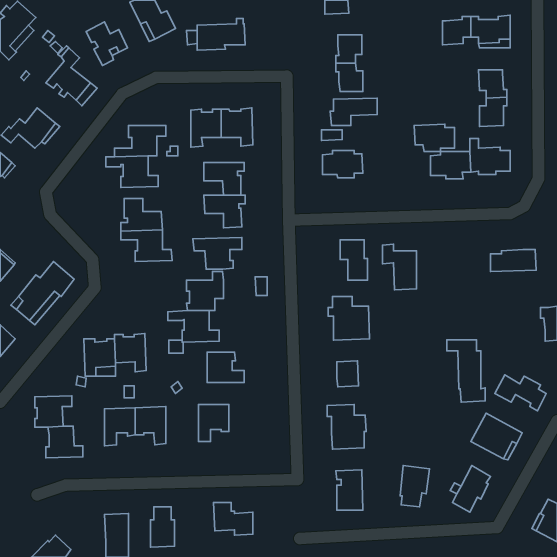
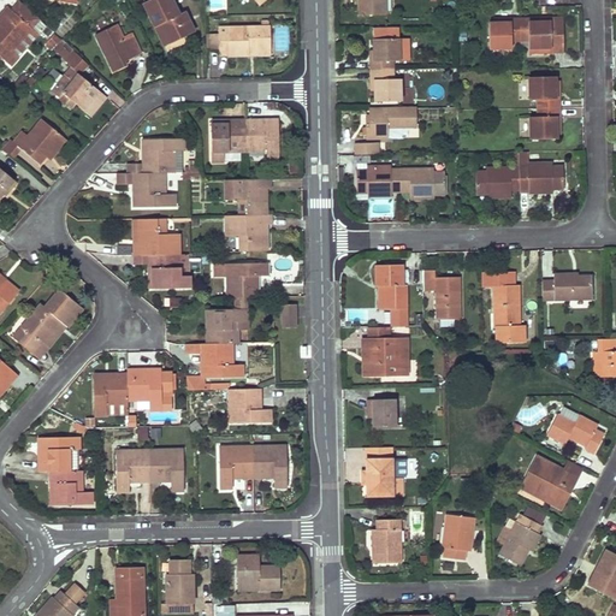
building: [414,124,455,152] -> [399,168,444,199]
building: [447,340,485,402] -> [481,273,523,342]
building: none -> [253,445,286,487]

